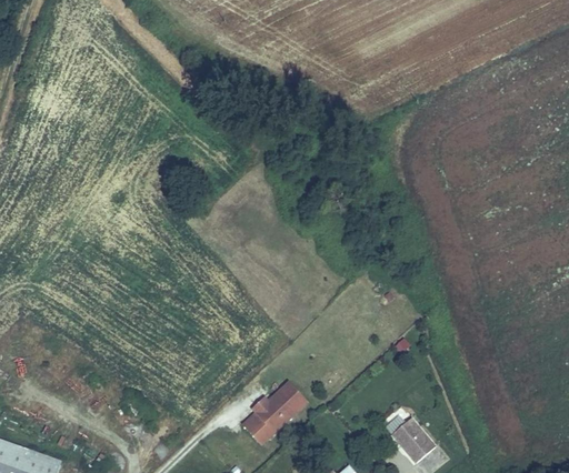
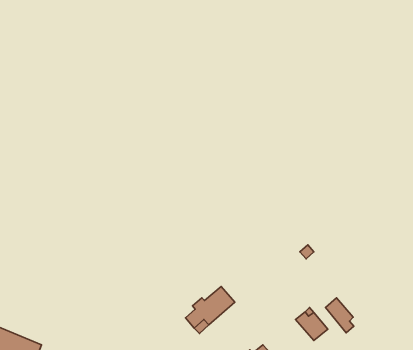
building: none -> [326,298,354,333]

